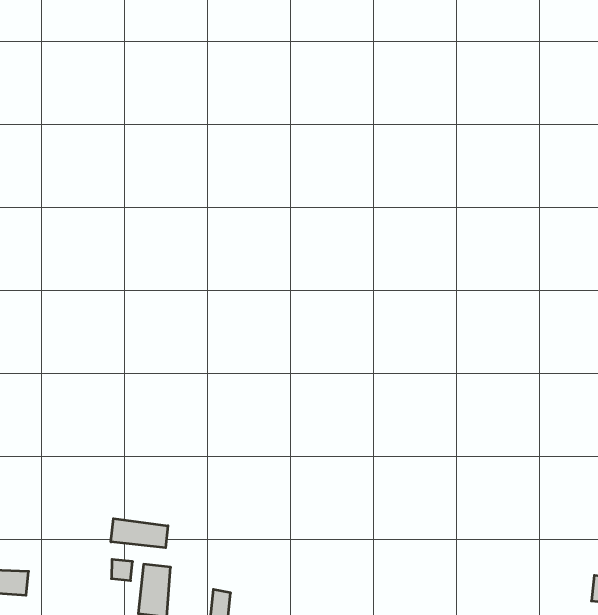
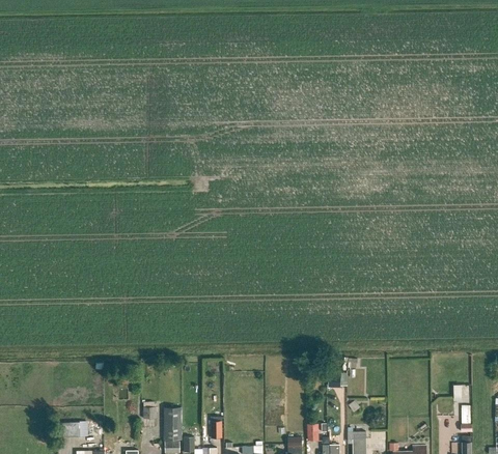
building: [111,519,168,548] -> none

